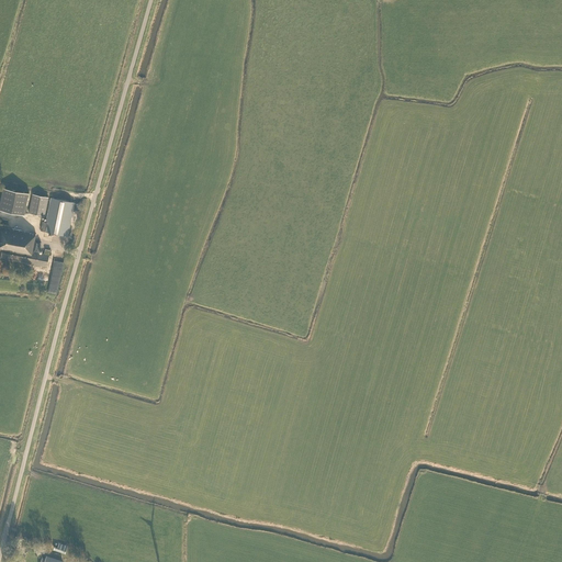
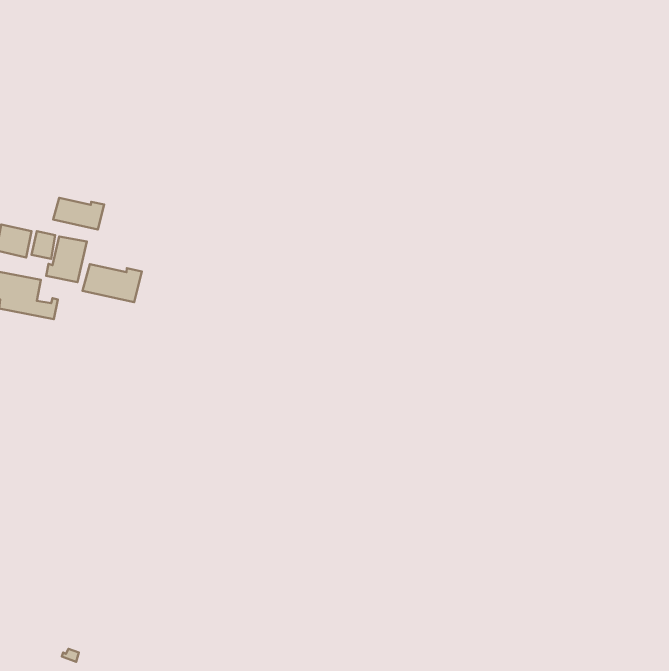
building: none -> [53,198,104,229]
building: none -> [83,264,142,302]

